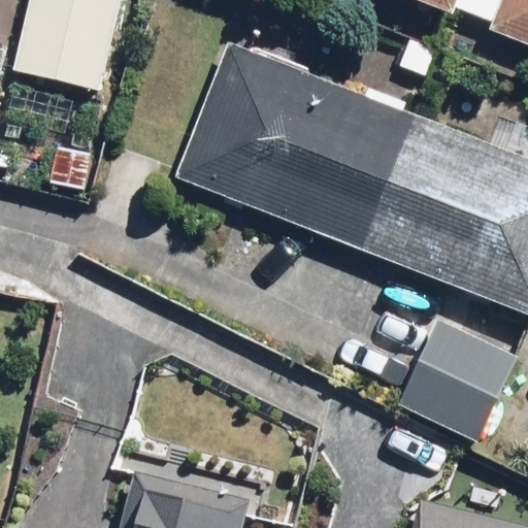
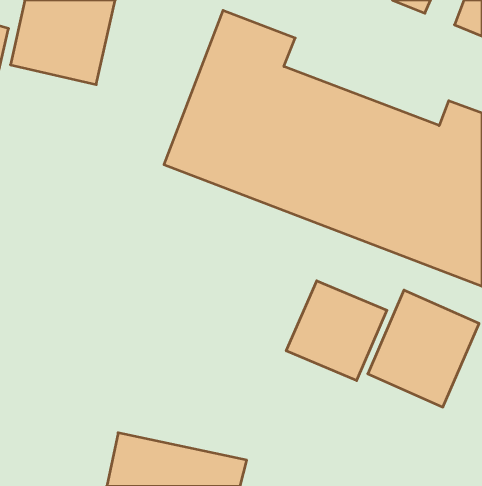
building: none -> [286,281,387,381]

